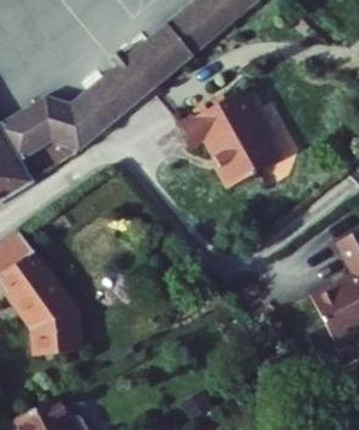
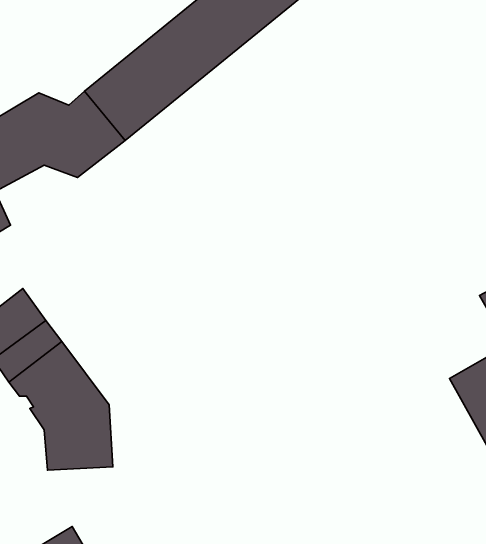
building: [180,89,277,187] -> none

